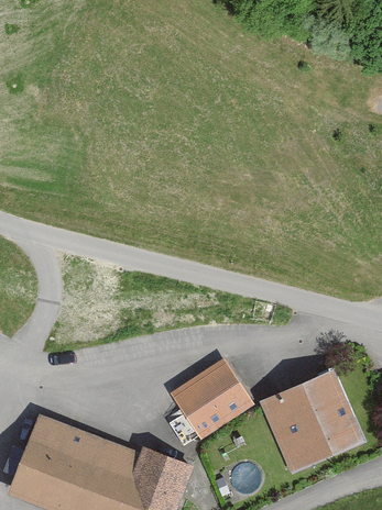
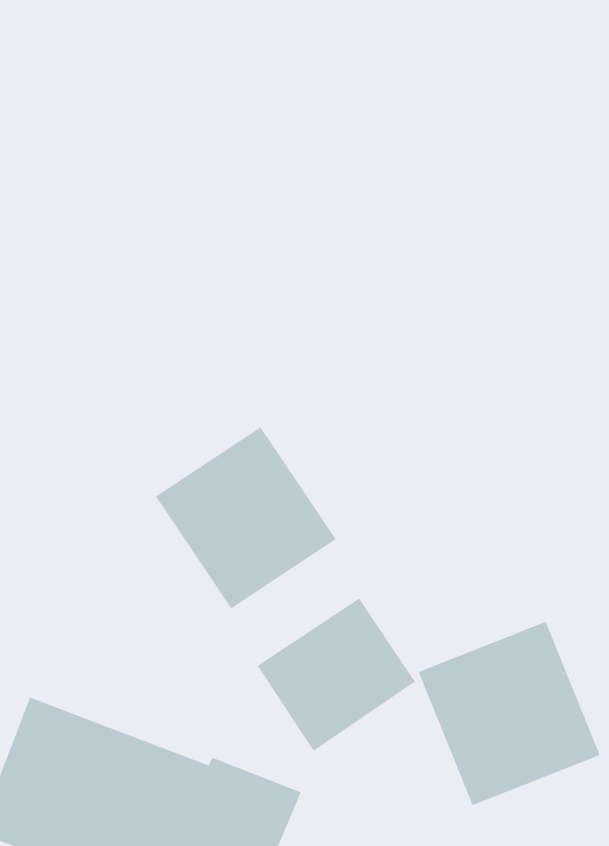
building: none -> [155,426,337,609]

